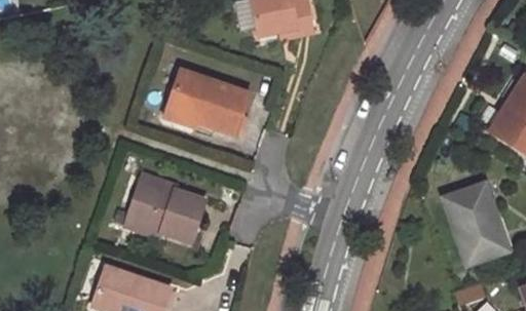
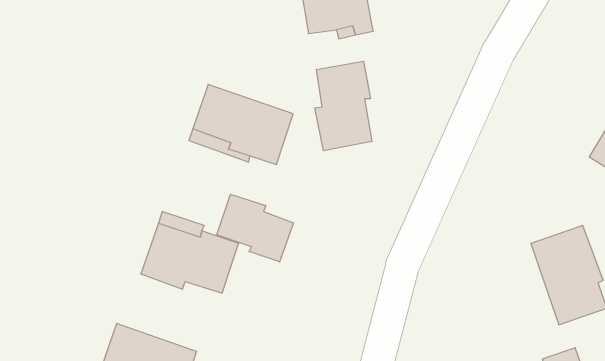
building: none -> [315,61,372,151]
building: none -> [217,194,293,262]

